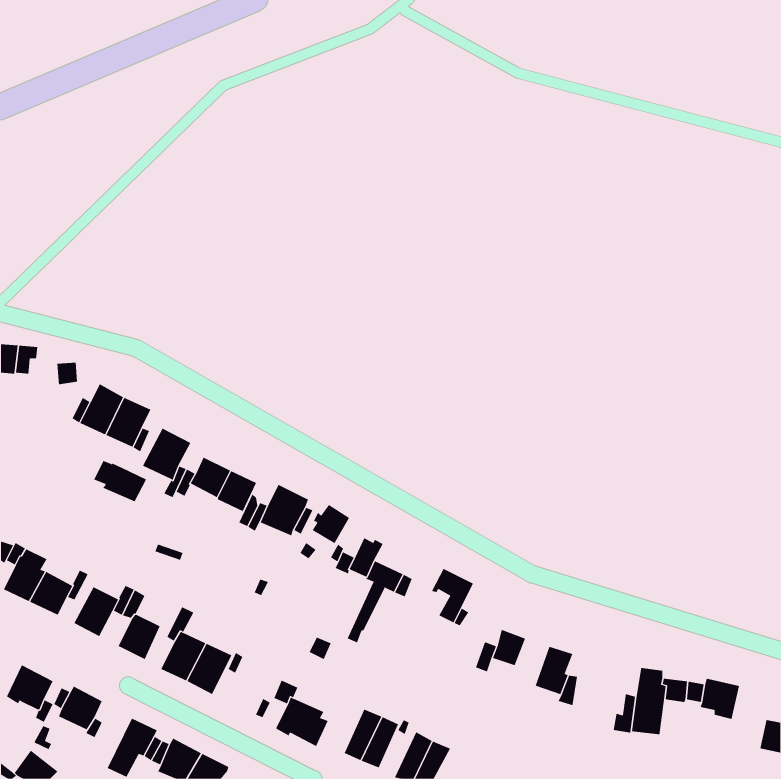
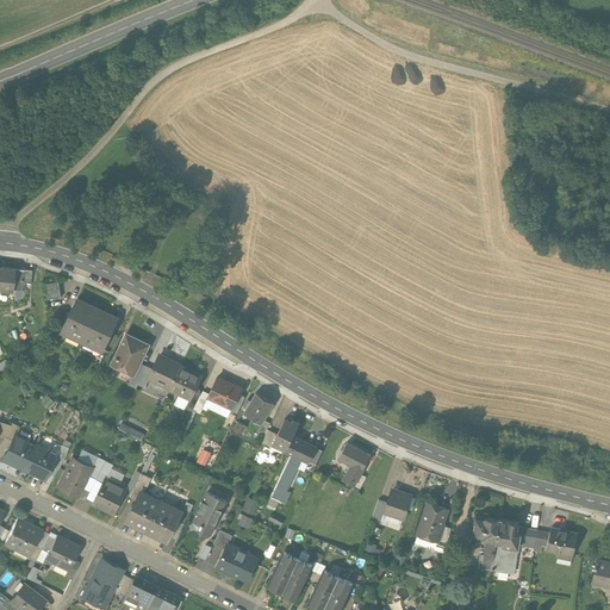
building: [94,460,147,502] -> none
building: none -> [193,493,225,536]
building: none -> [472,518,499,543]

